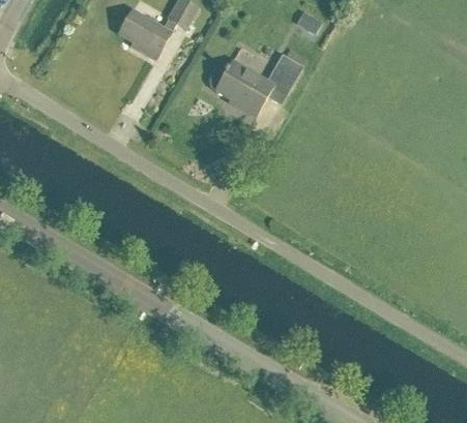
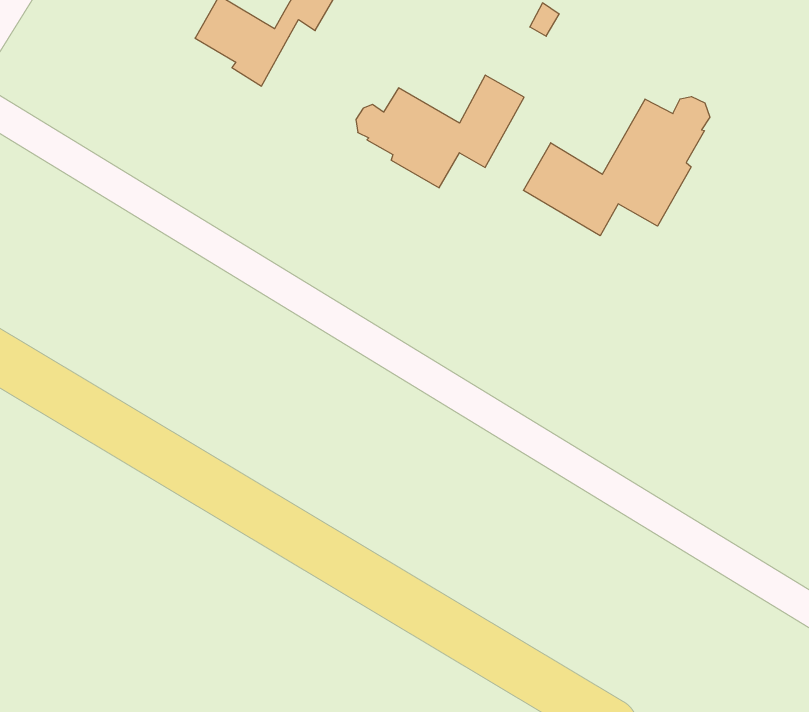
building: none -> [523,97,710,236]

